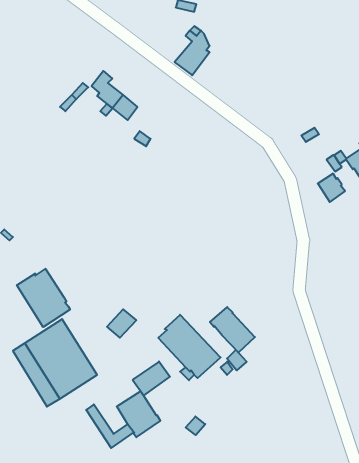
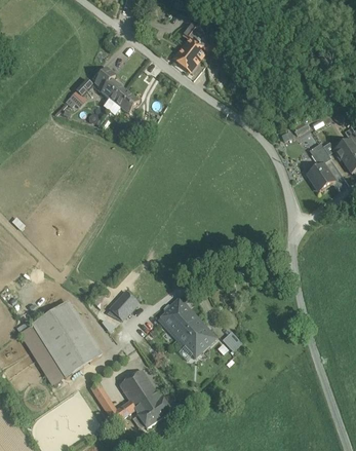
building: [17,269,70,327] -> none
building: [210,307,255,353] -> none
building: [133,361,170,395] -> [135,396,170,427]

